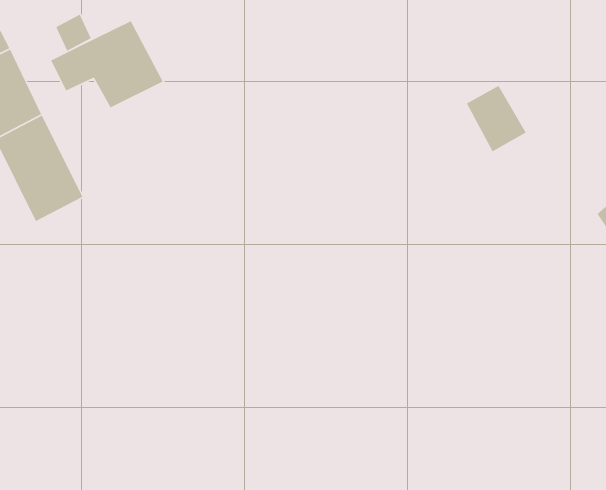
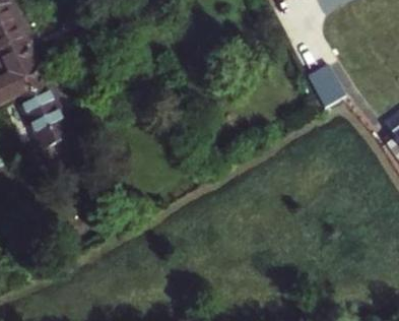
building: [50,20,164,109] -> none

